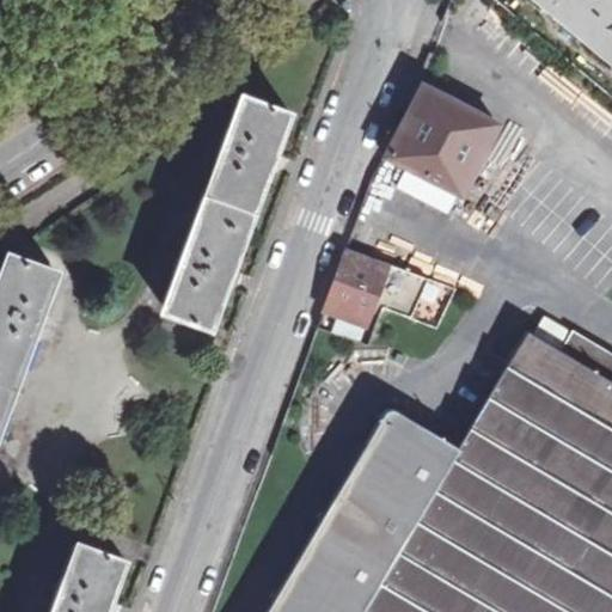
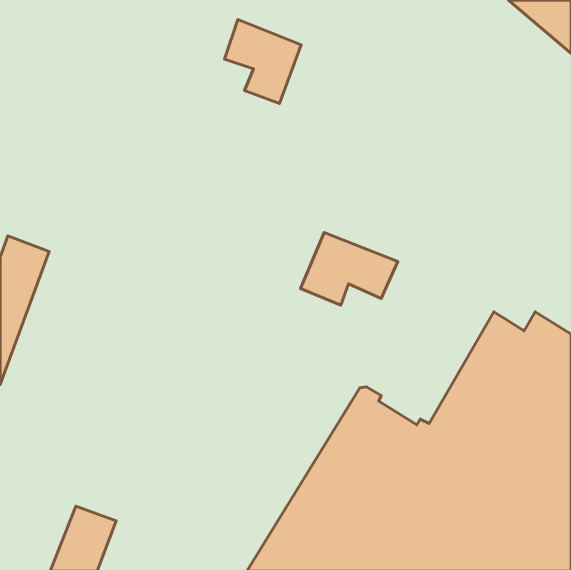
building: none -> [224,20,301,103]
building: [387,84,498,197] -> none
building: [166,96,289,326] -> none

